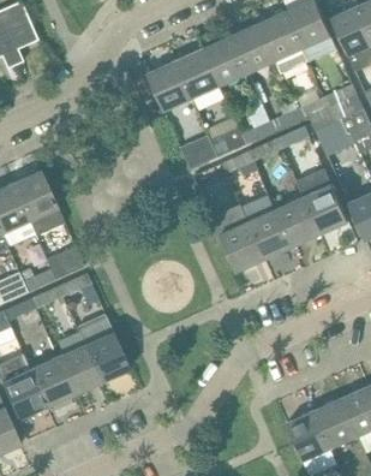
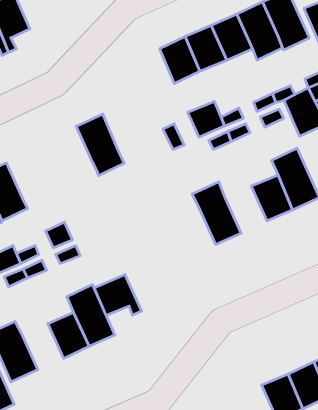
building: [148,61,192,111] -> none
building: [12,171,64,237] -> [76,114,124,176]
building: [241,195,292,260] -> none
building: none -> [94,274,142,316]
building: [29,357,73,406] -> none

